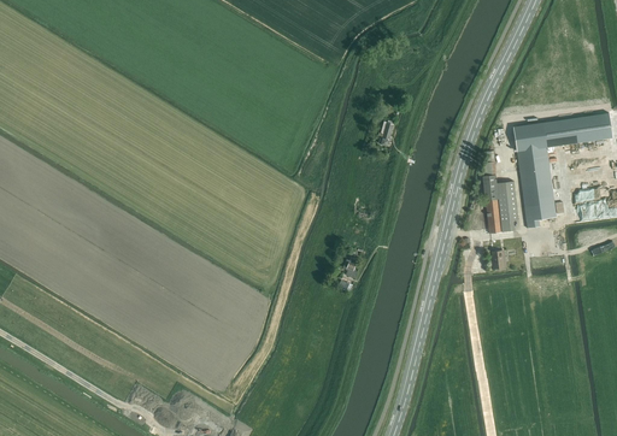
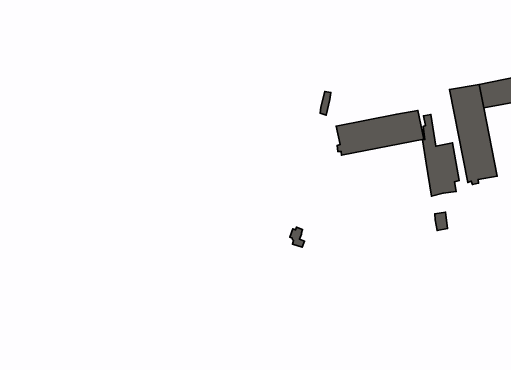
building: none -> [336,110,424,155]

